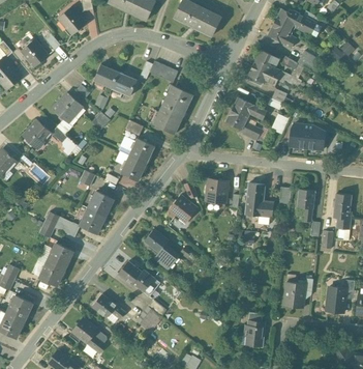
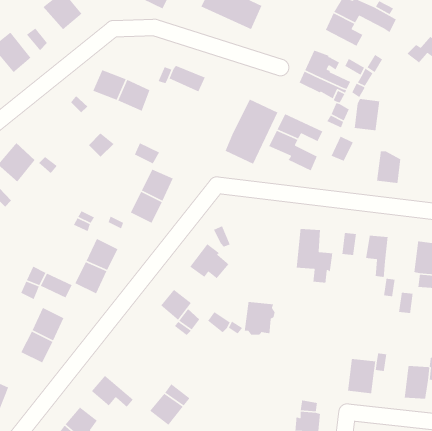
building: [153,84,193,134] -> [224,98,278,165]
building: [52,92,83,121] -> none
building: [289,123,308,148] -> [354,98,380,131]
building: [205,178,229,204] -> [244,301,276,336]
building: [118,261,154,292] -> none

